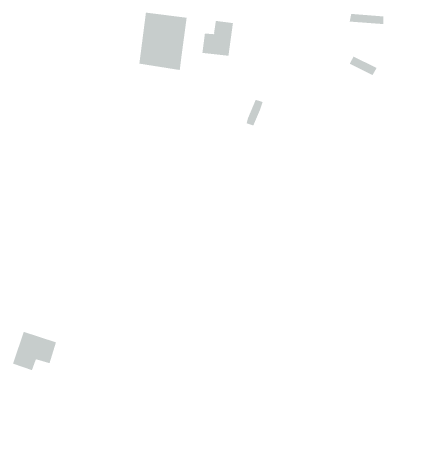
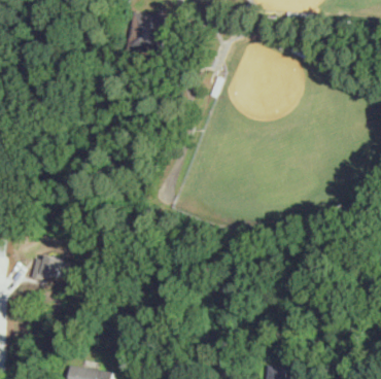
building: [202,20,233,57] -> none

